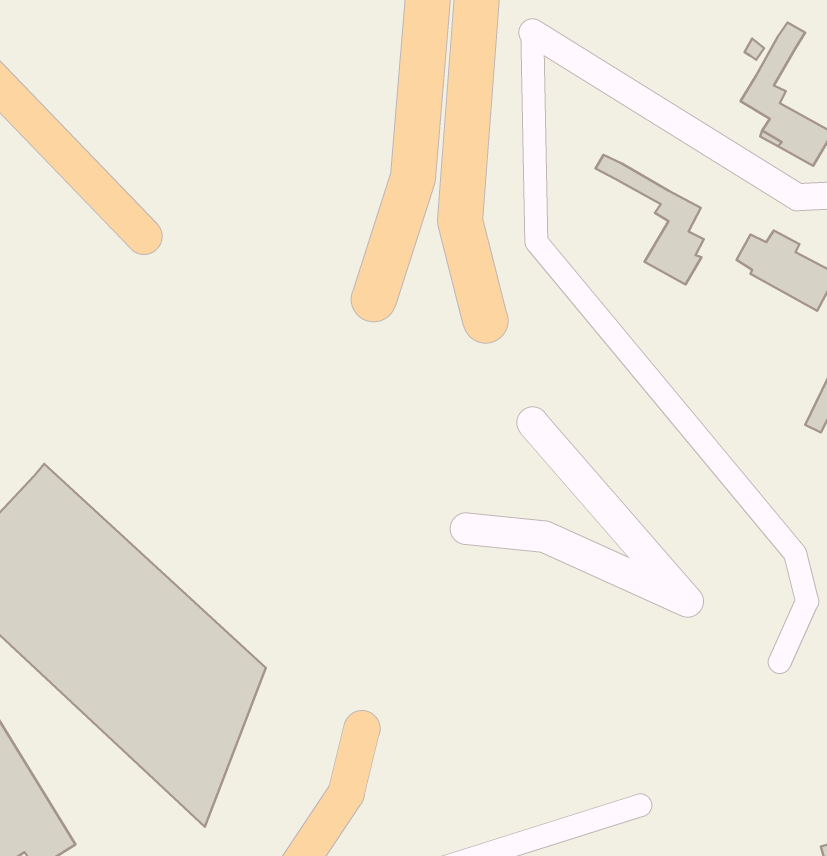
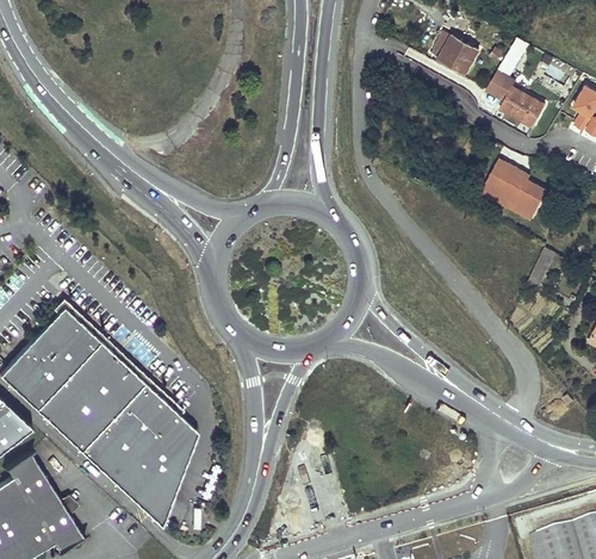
building: none -> [430,31,477,73]
building: [595,155,704,284] -> none

